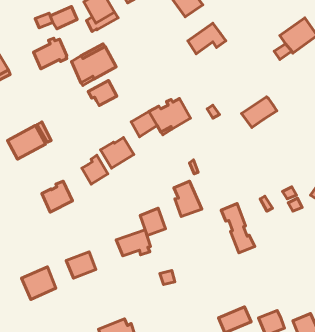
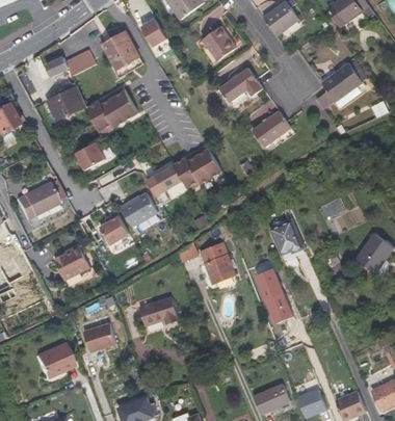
building: [88,80,117,105] -> [77,142,109,170]
building: [242,97,277,127] -> [251,111,290,146]
building: none -> [272,221,304,255]
building: [140,208,166,236] -> none

